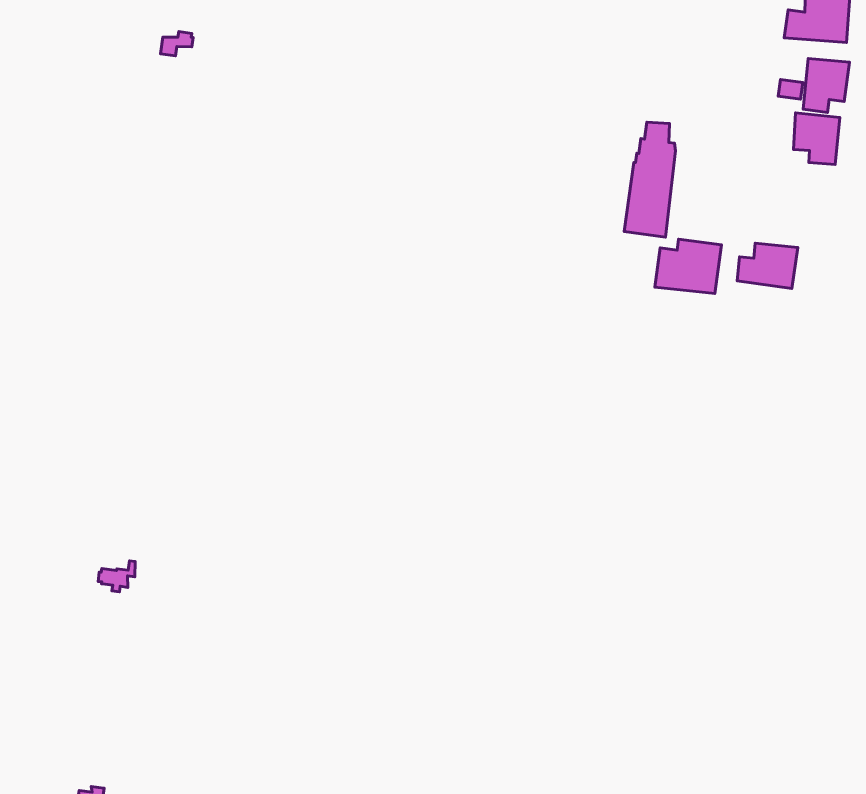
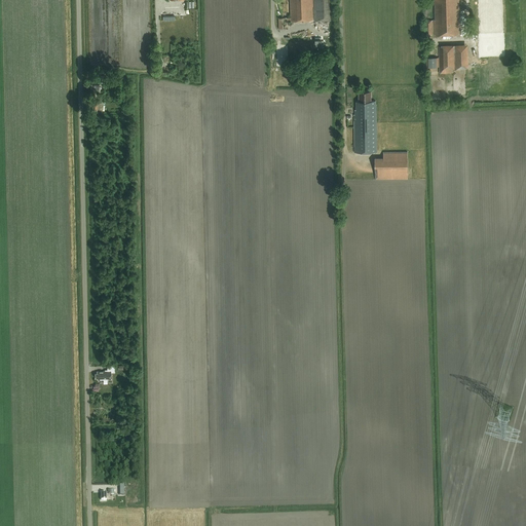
building: [794,113,840,164] -> none
building: [737,243,798,288] -> none

